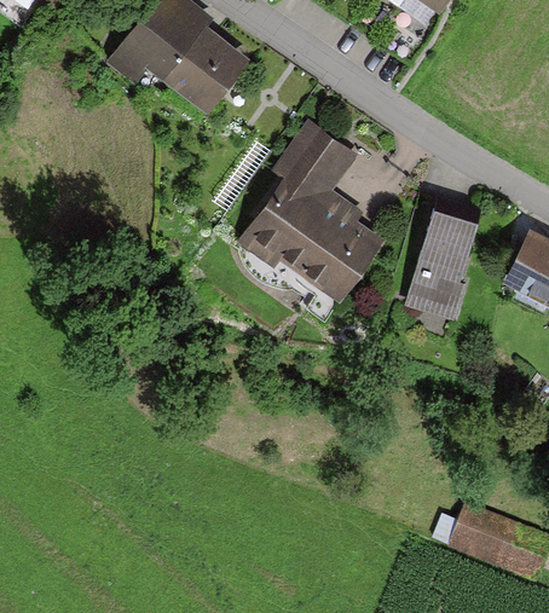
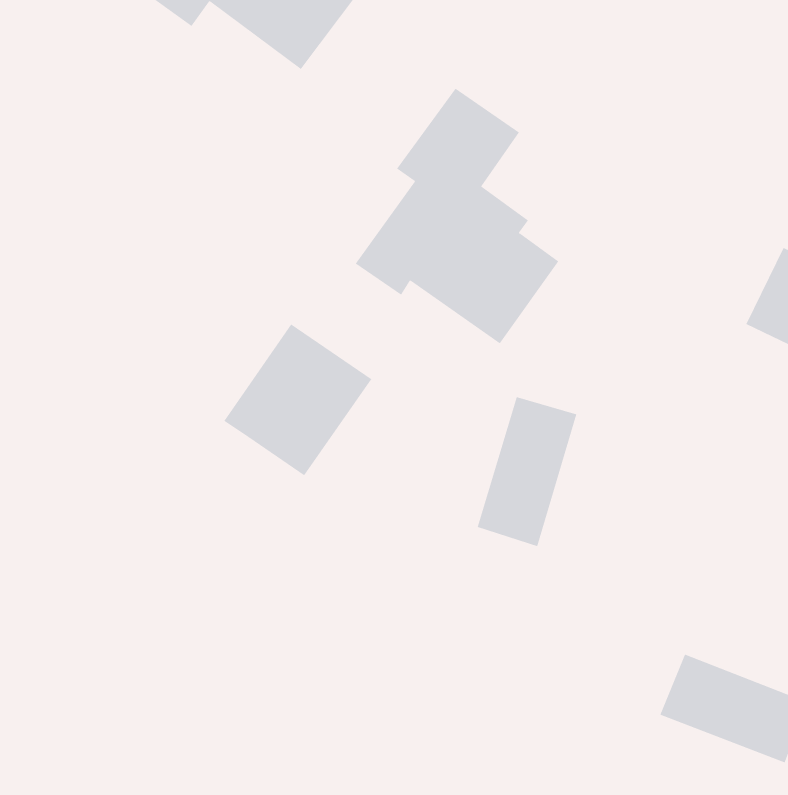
building: [409,216,476,318] -> [477,396,577,547]
building: none -> [223,324,372,476]

